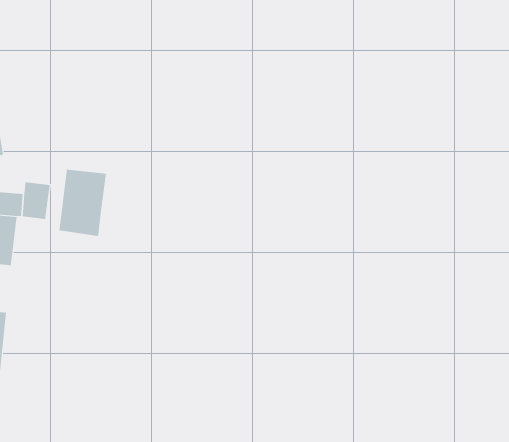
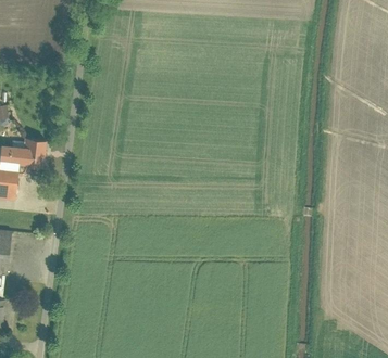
building: [59,169,107,237] -> none

